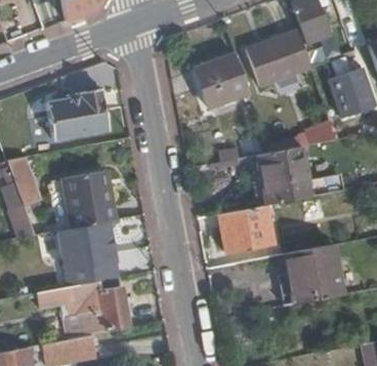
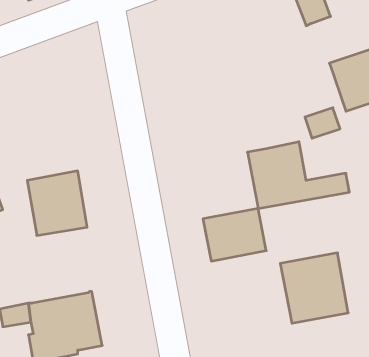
building: [249,34,310,87] -> none
building: [193,56,250,110] -> none
building: [47,88,110,141] -> none
building: [56,225,116,287] -> none

